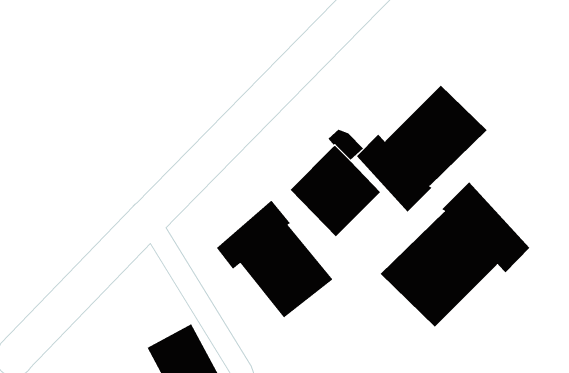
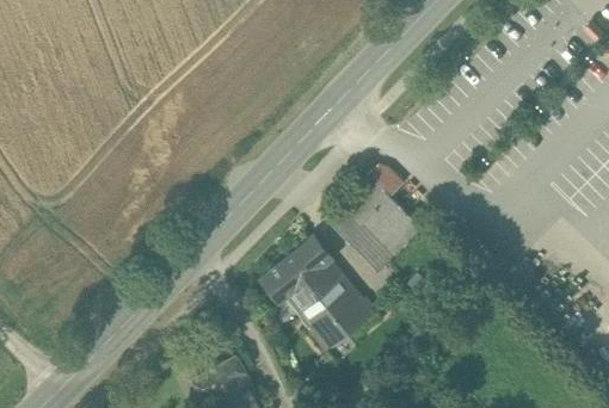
building: [356,85,488,213] -> none
building: [380,182,530,328] -> none

